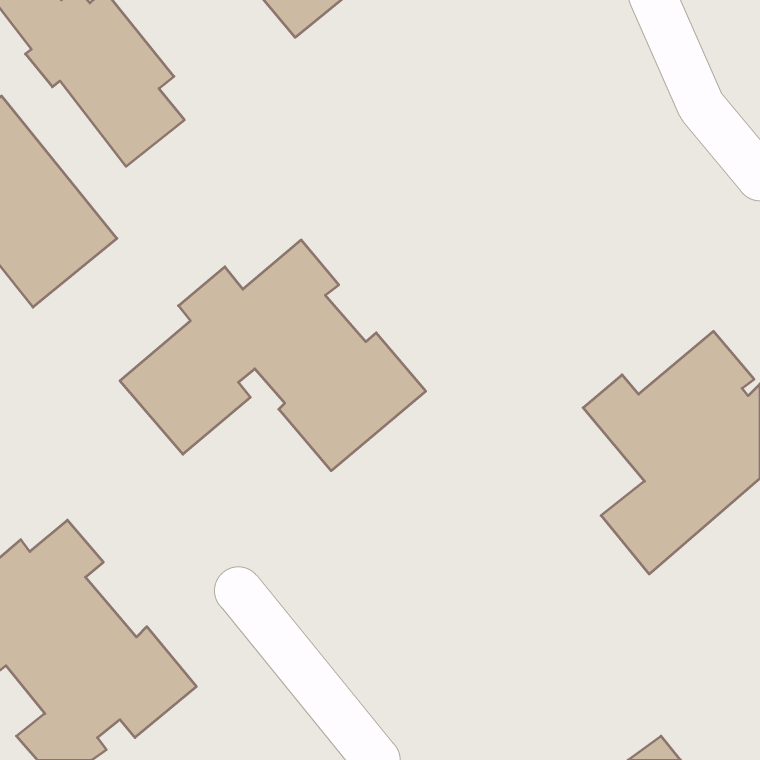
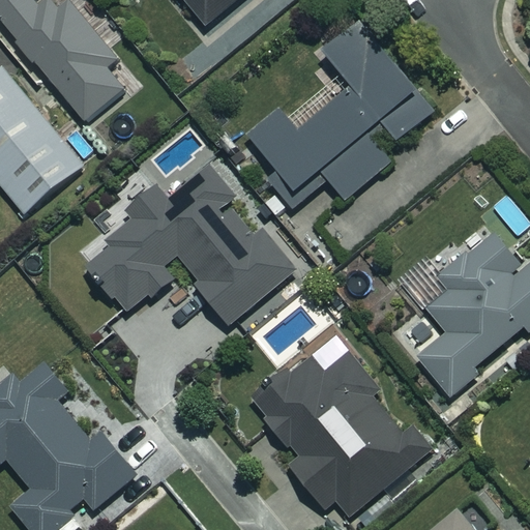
building: none -> [245,19,433,207]
building: none -> [249,351,430,518]

